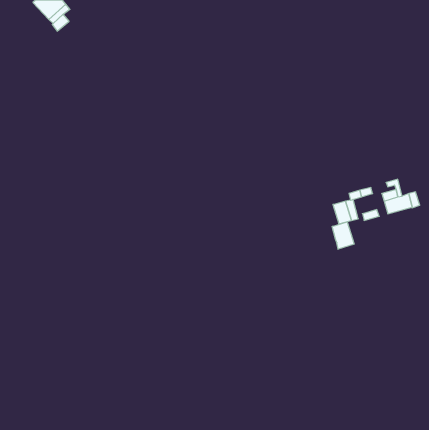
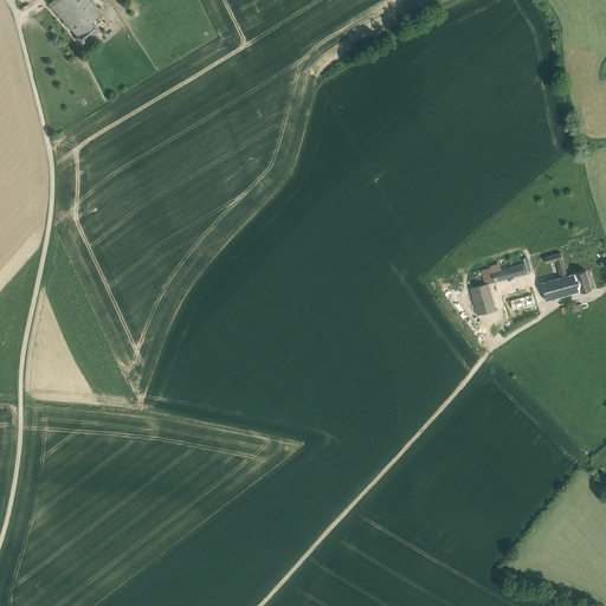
building: [332,222,354,249] -> none

